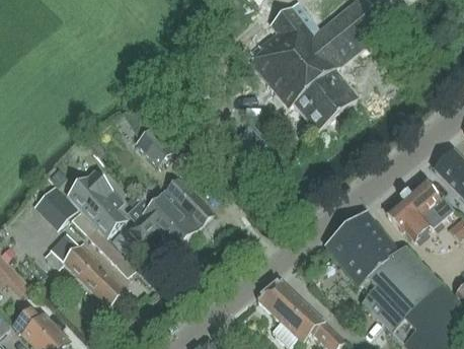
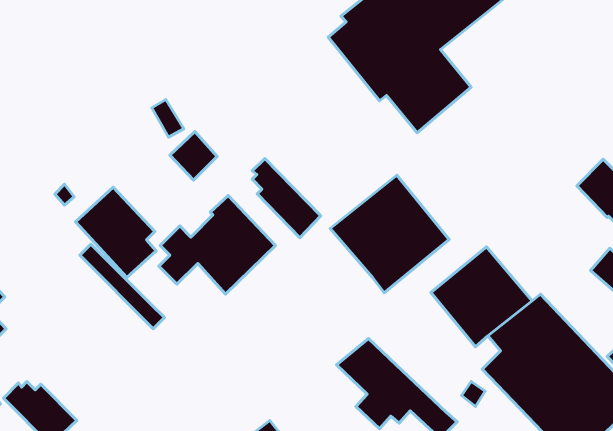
building: none -> [252,159,321,238]
building: none -> [330,175,449,293]
building: [386,183,453,240] -> none
building: [33,184,77,227] -> none
building: [51,234,129,307] -> none

